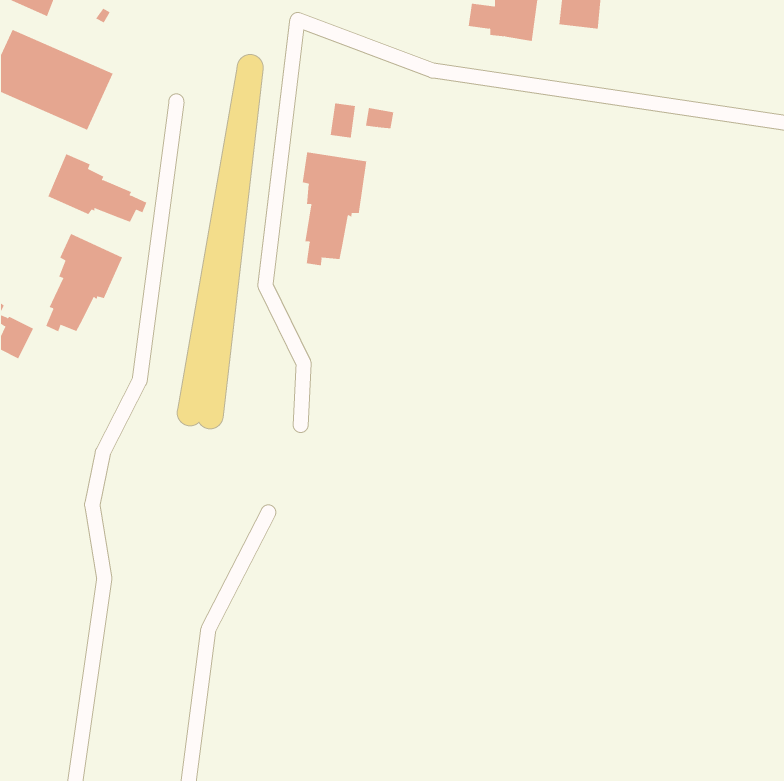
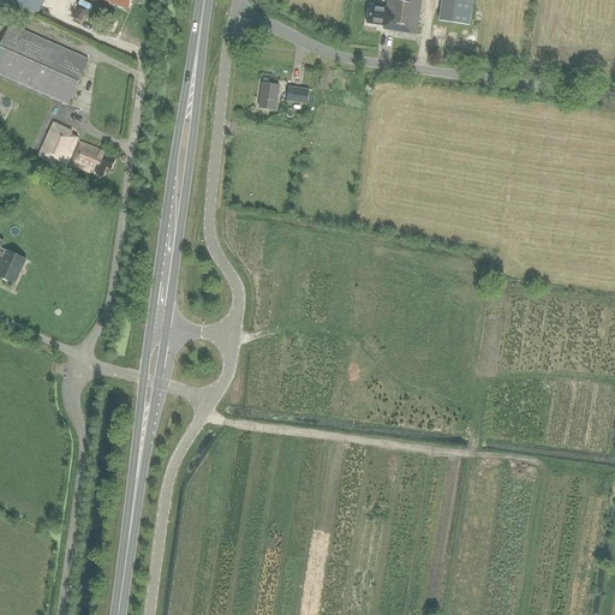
building: [302,152,367,266] -> none
building: [45,233,123,332] -> none

